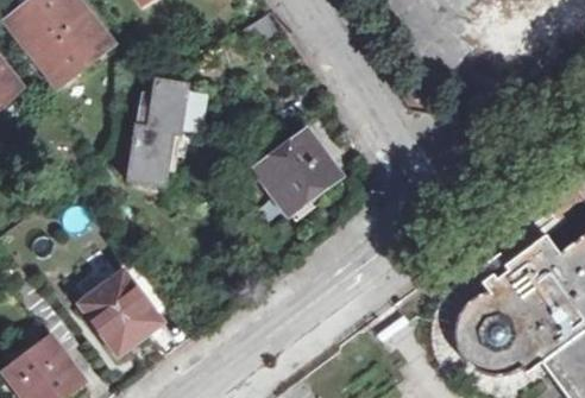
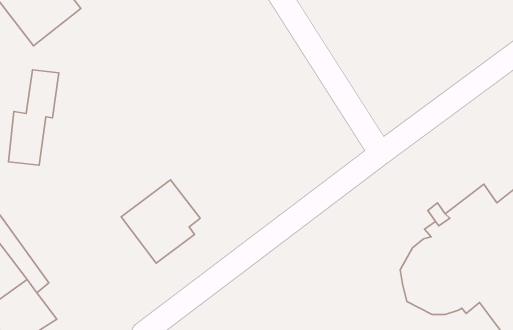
building: [130,80,184,183] -> [8,70,59,165]
building: [258,132,338,210] -> none
building: [81,261,166,352] -> [121,180,200,263]

